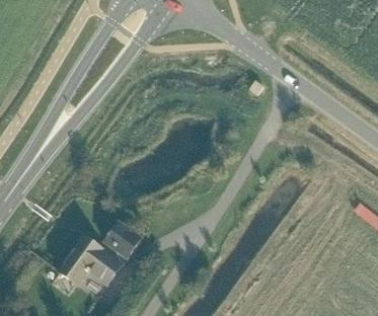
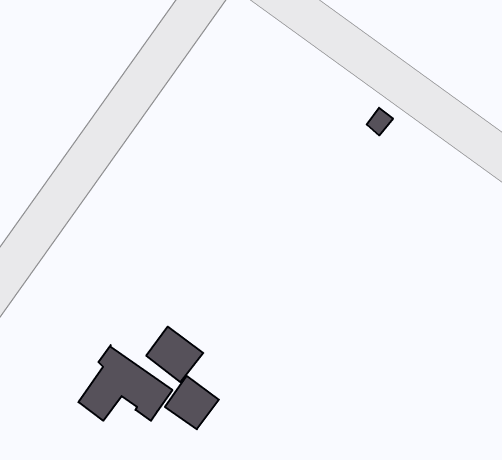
building: none -> [165,376,219,429]

